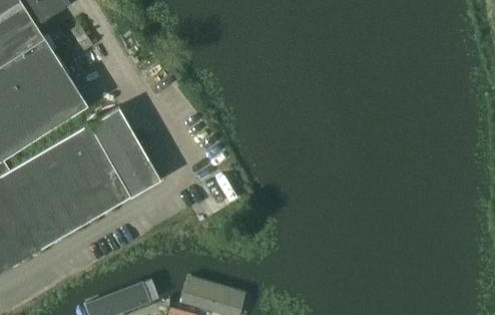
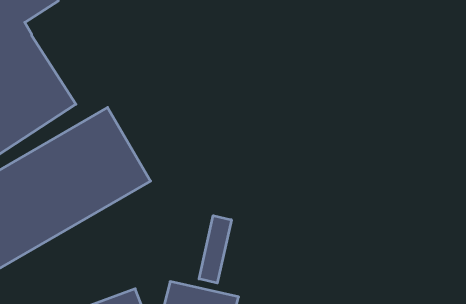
building: none -> [199,216,231,283]

